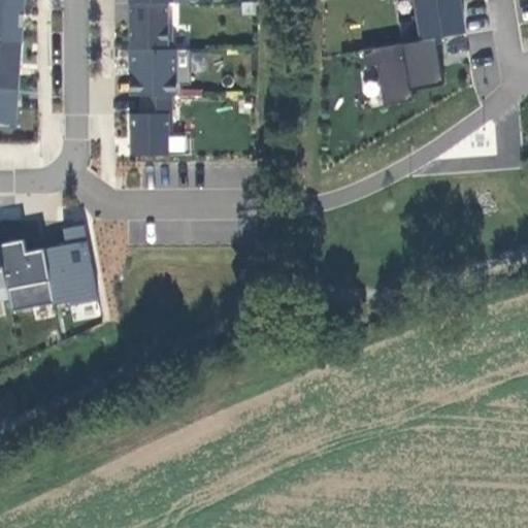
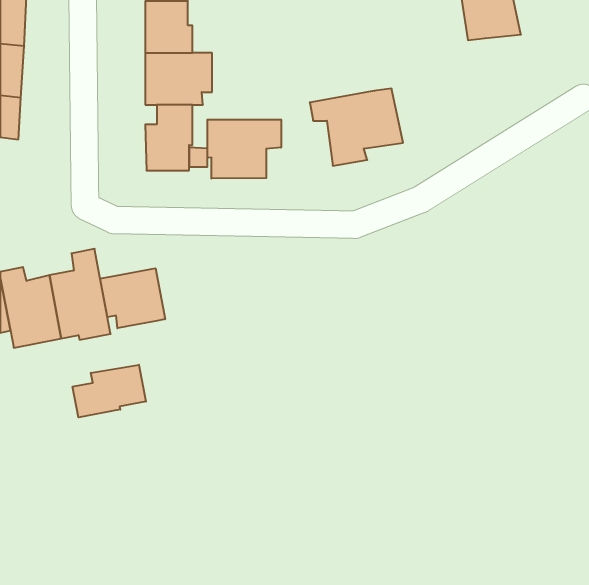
building: [361,34,444,103] -> [310,89,403,166]
building: none -> [207,120,281,179]
building: none -> [100,268,165,328]
building: none -> [73,365,146,417]

